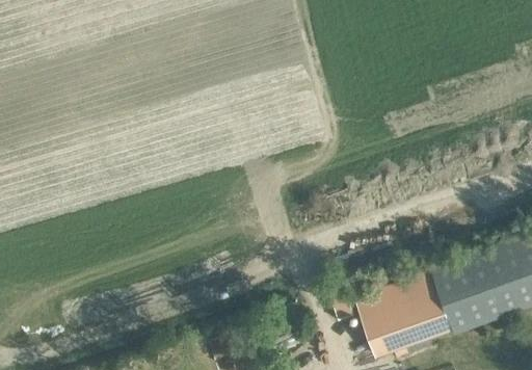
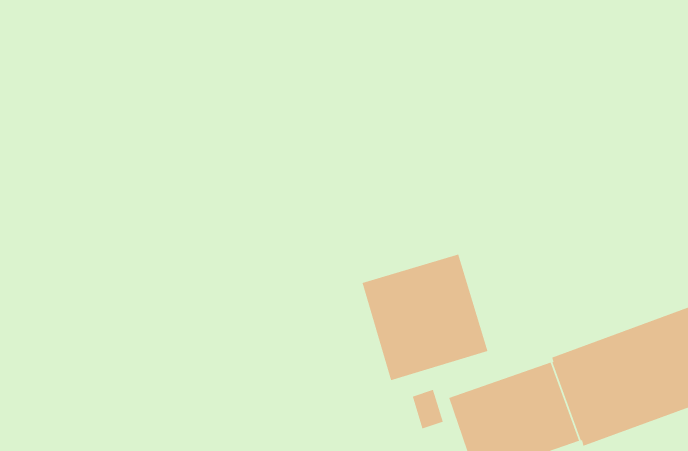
building: none -> [362,254,489,381]

